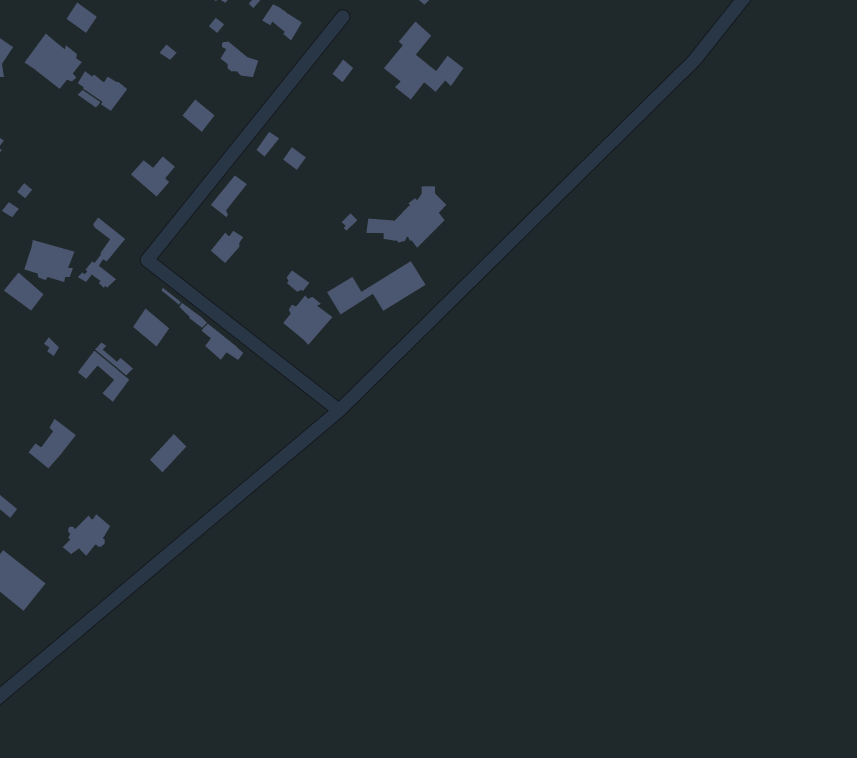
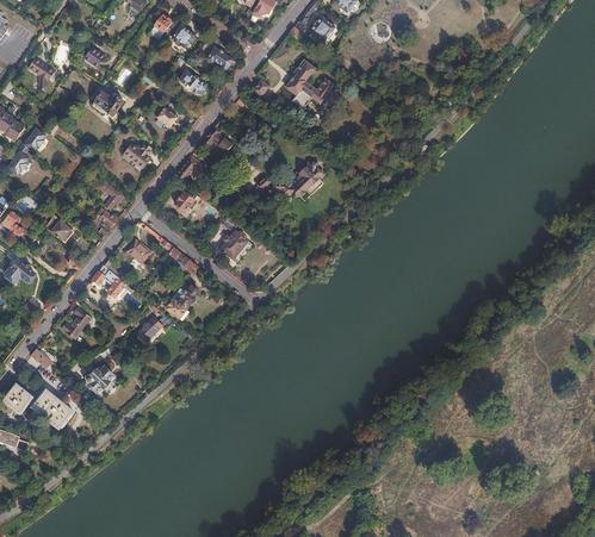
building: [24,33,83,90] -> none
building: [24,239,75,283] -> none
building: [326,260,427,315] -> none
building: none -> [167,282,199,318]

